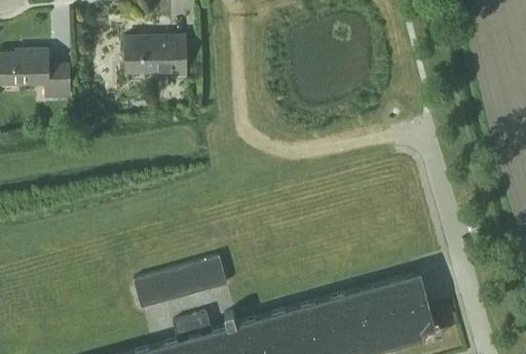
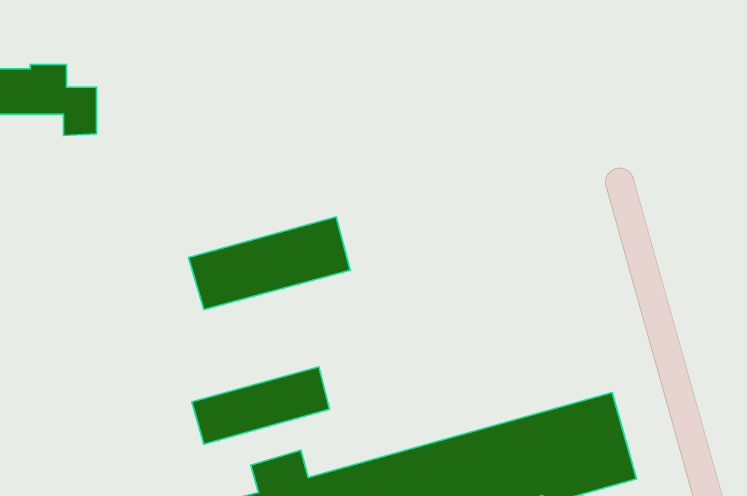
building: [124,37,185,77] -> none
building: none -> [189,217,350,310]

